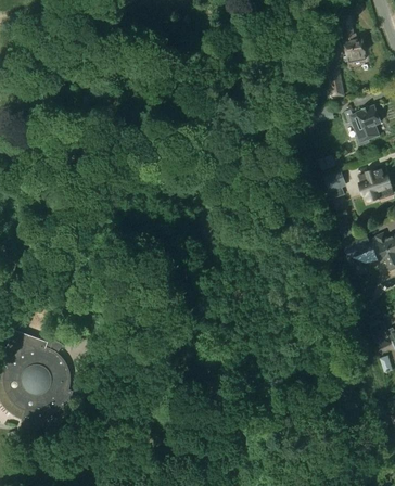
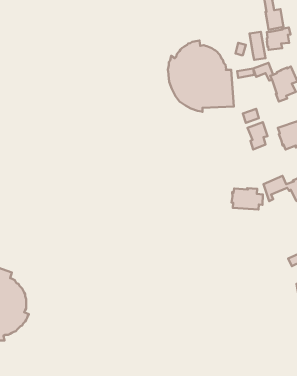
building: none -> [267,28,290,50]
building: none -> [168,41,234,112]
building: none -> [232,188,263,210]

